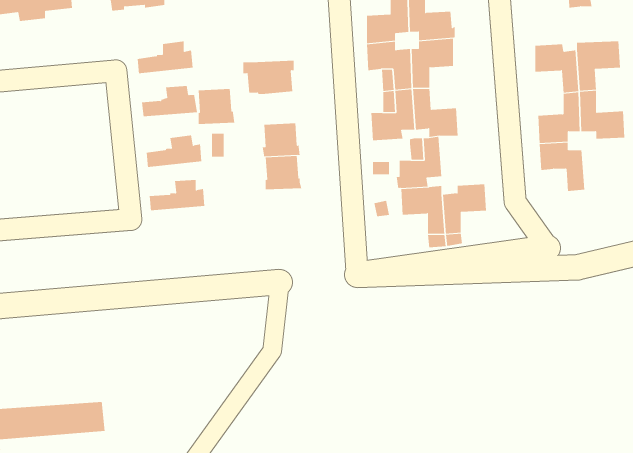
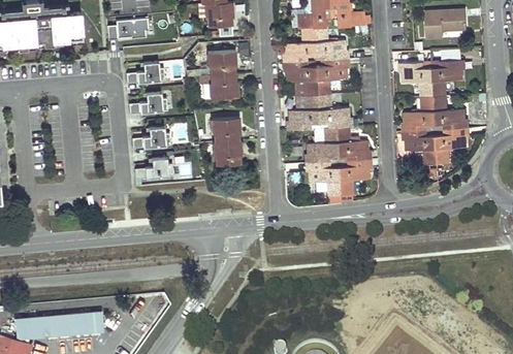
building: [198,89,235,124] -> [211,52,236,76]
building: none -> [336,128,368,162]
building: none -> [436,129,467,165]

